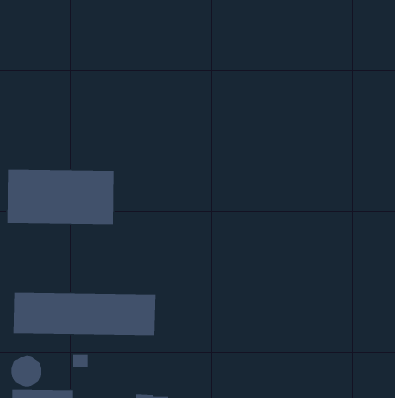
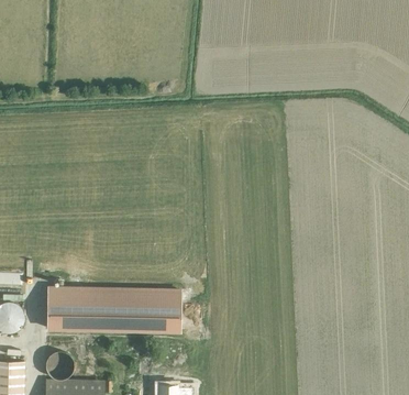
building: [7,169,114,225] -> none

